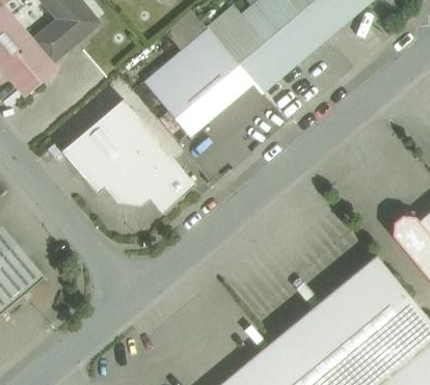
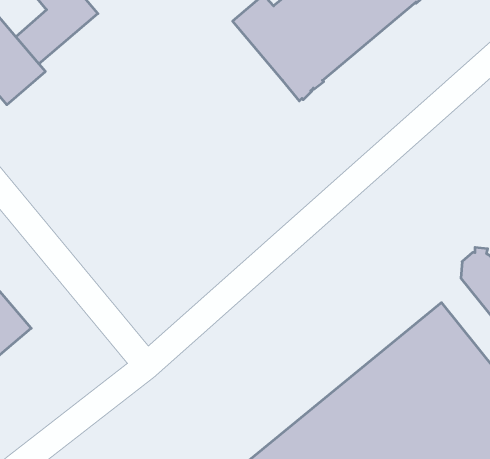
building: [144,29,248,131] -> none
building: [61,95,200,213] -> none

